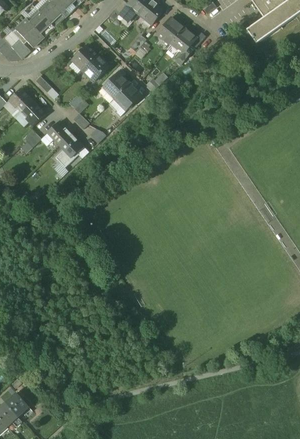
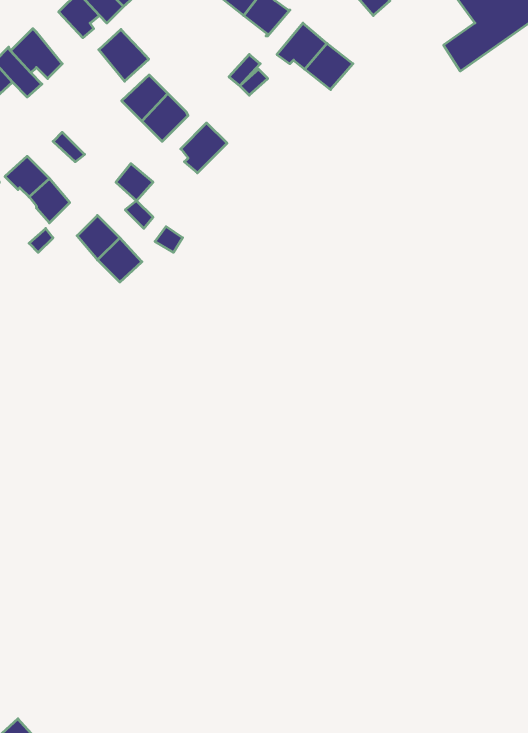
building: [26,11,53,39] -> [99,29,149,81]
building: [115,82,141,109] -> none

